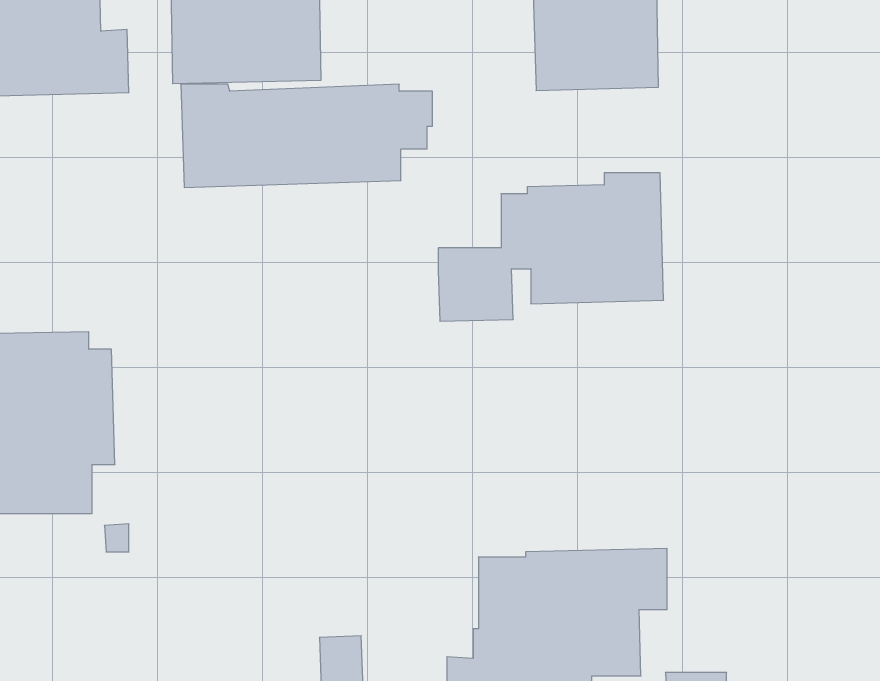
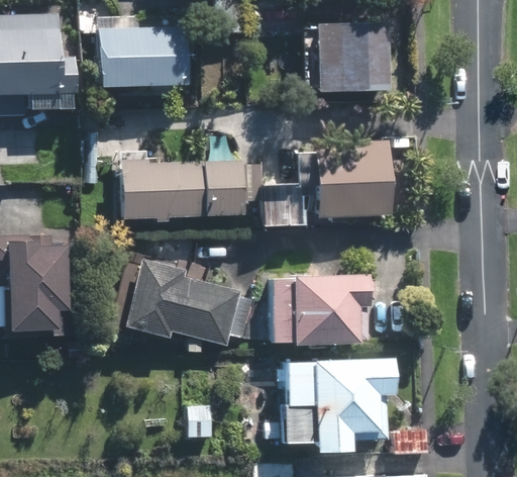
building: [181,84,432,187] -> [118,160,264,219]
building: none -> [126,258,258,347]
building: none -> [269,275,369,345]

